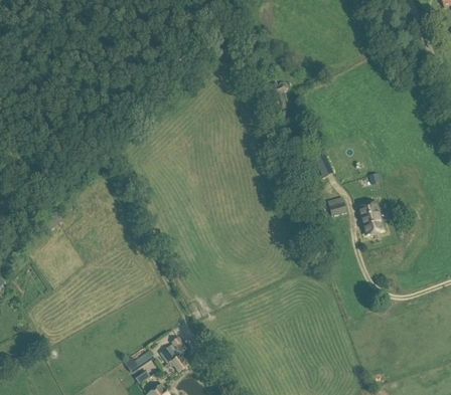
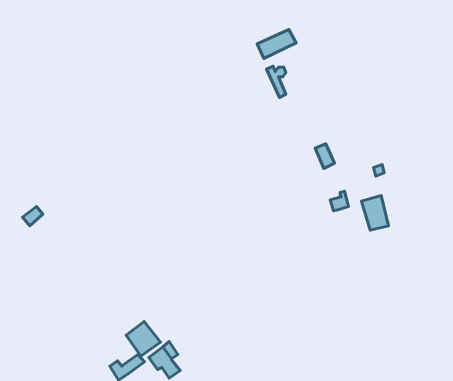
building: none -> [257,30,296,58]
building: none -> [126,321,160,356]

